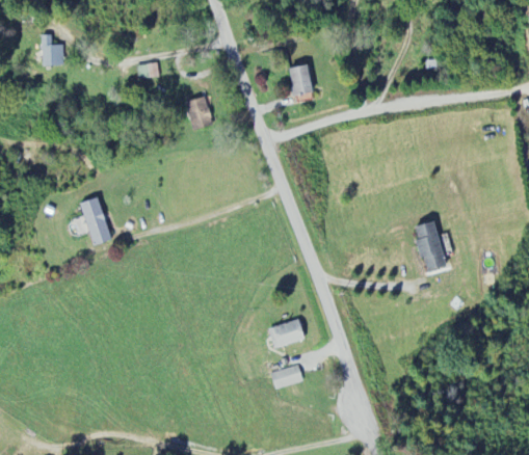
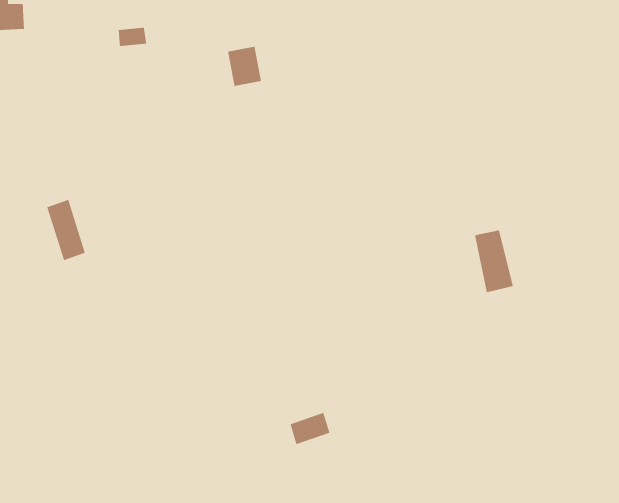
building: [287,64,313,96] -> none
building: [186,98,213,130] -> [227,46,262,87]
building: [269,320,305,347] -> none

